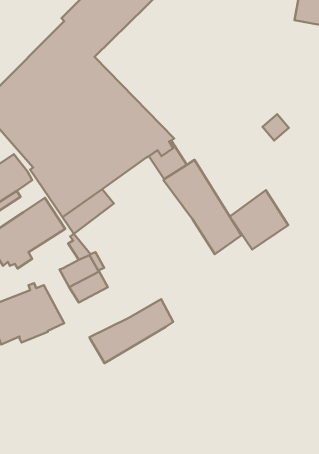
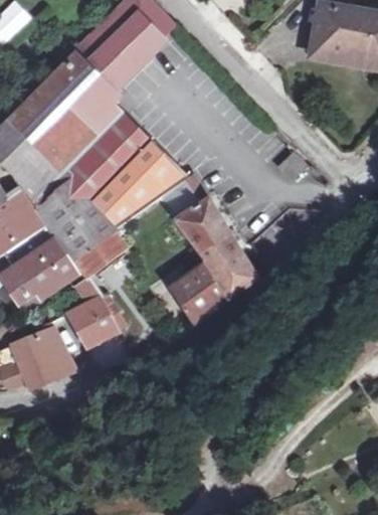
building: [230,190,288,250] -> [170,262,230,323]
building: [90,299,173,363] -> none

